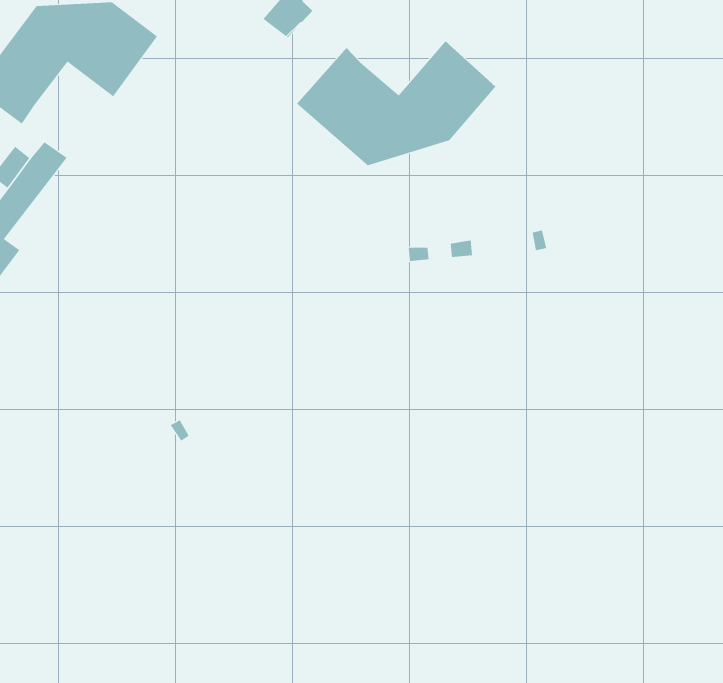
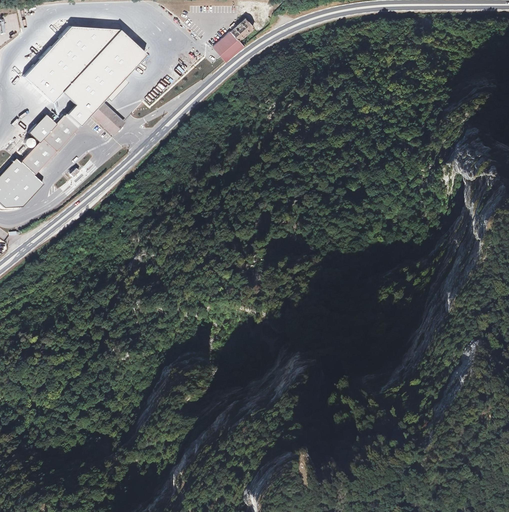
building: [296,40,496,166] -> none
building: none -> [61,65,124,135]

